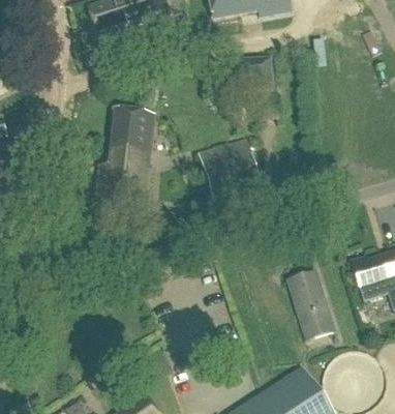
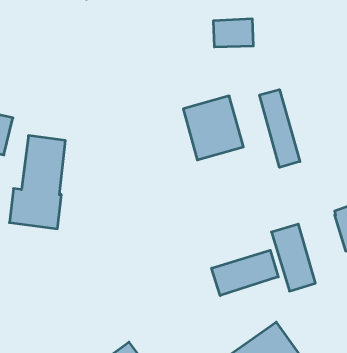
building: [95,107,153,203] -> [9,136,65,229]
building: none -> [260,90,300,167]
building: none -> [212,250,278,296]

